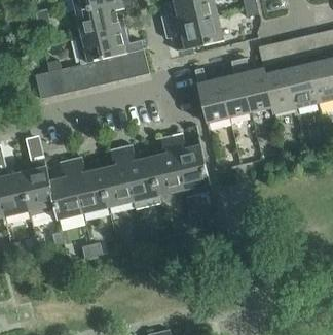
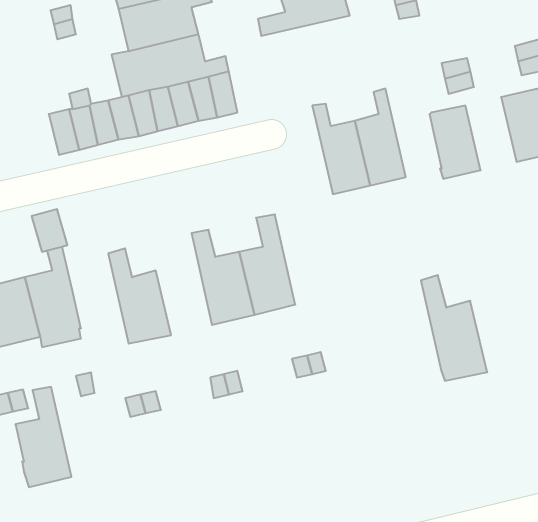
building: [163,15,223,53] -> none
building: [238,59,272,113] -> none
building: [287,65,318,109] -> none
building: [172,133,212,197] -> [421,275,487,381]
building: [100,147,134,209] -> none
building: [49,160,83,221] -> [15,387,71,487]

